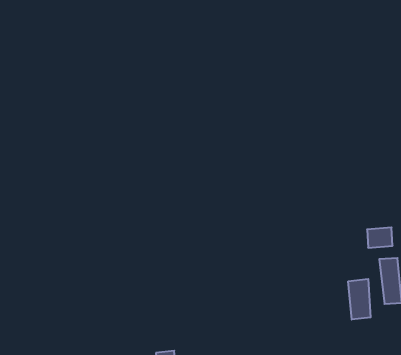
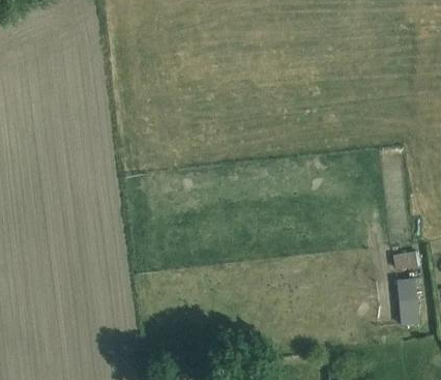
building: [348,279,371,320] -> none

